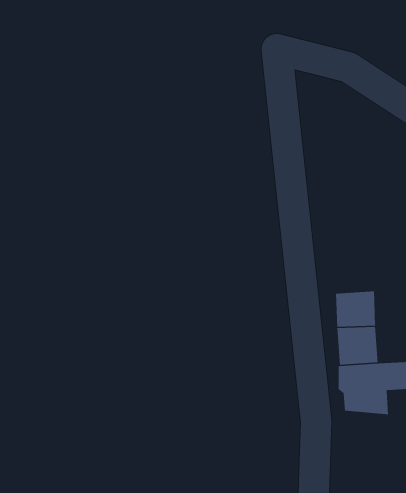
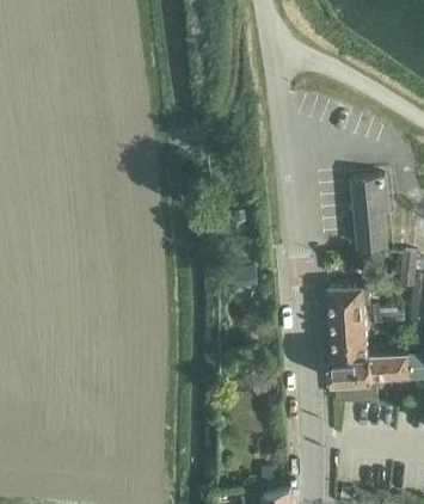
building: none -> [352,176,388,247]

